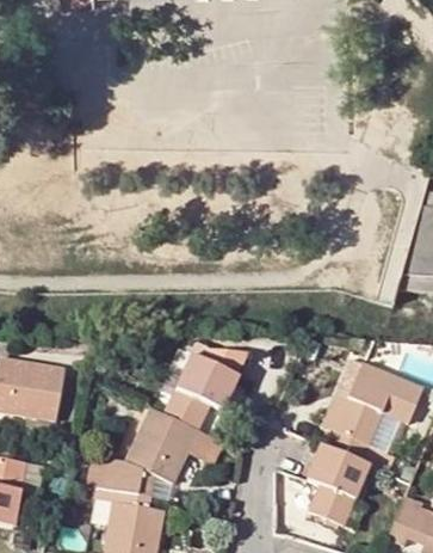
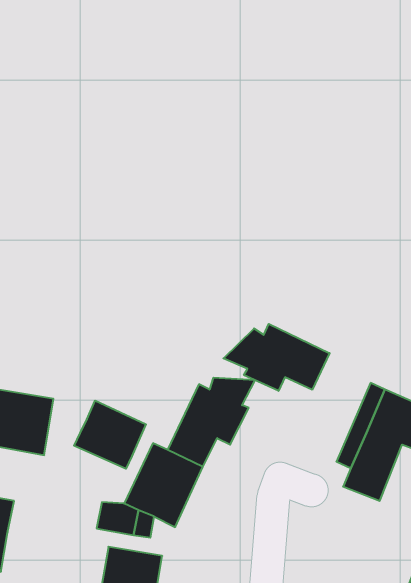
building: none -> [223,324,330,391]
building: none -> [74,401,146,469]
building: [305,446,367,526] -> none

